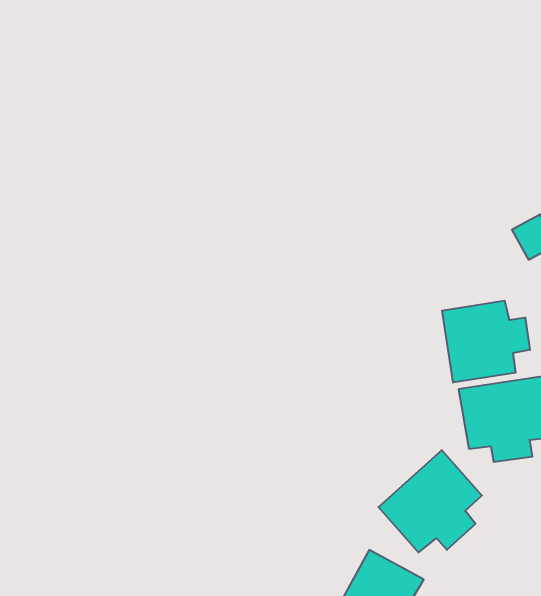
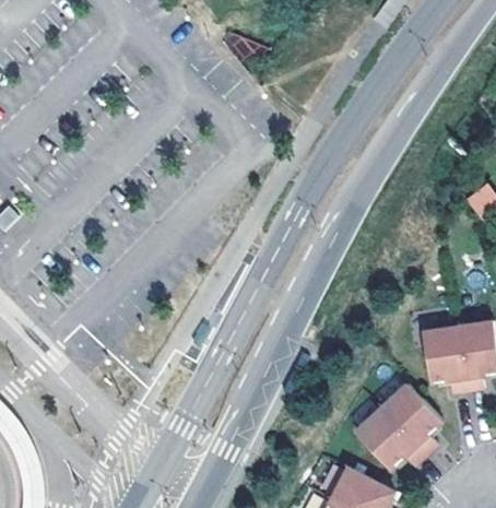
building: [442,301,530,383] -> none

